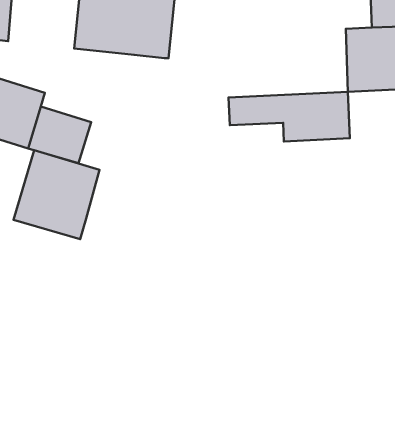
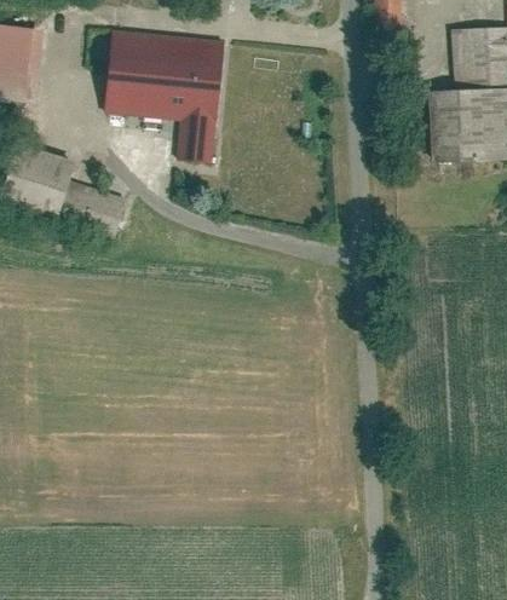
building: none -> [175,120,214,162]
building: [228,92,350,142] -> none
building: [13,150,100,239] -> none

